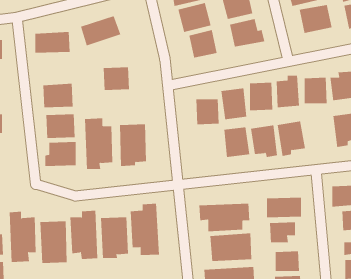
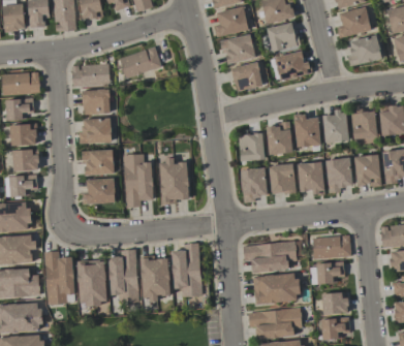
building: [103,67,130,91] -> [83,90,111,115]
building: none -> [353,154,382,188]
building: none -> [240,167,269,201]

